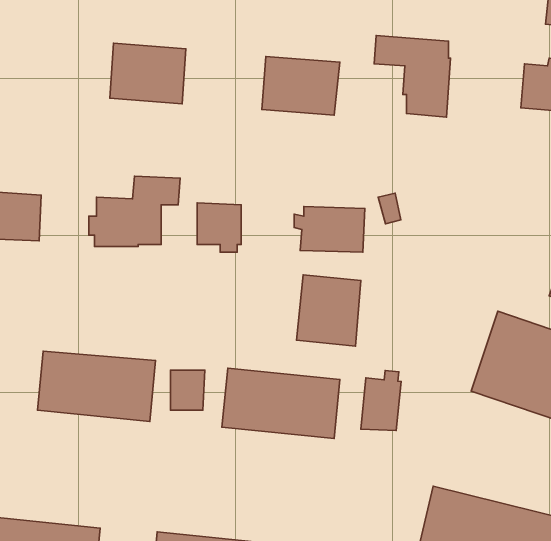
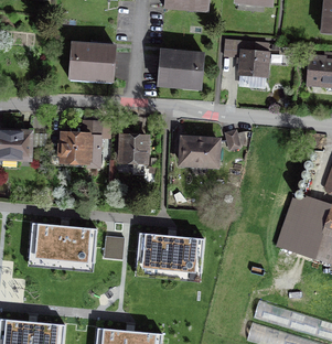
building: [296,275,361,346] -> none
building: [361,370,401,431] -> none

